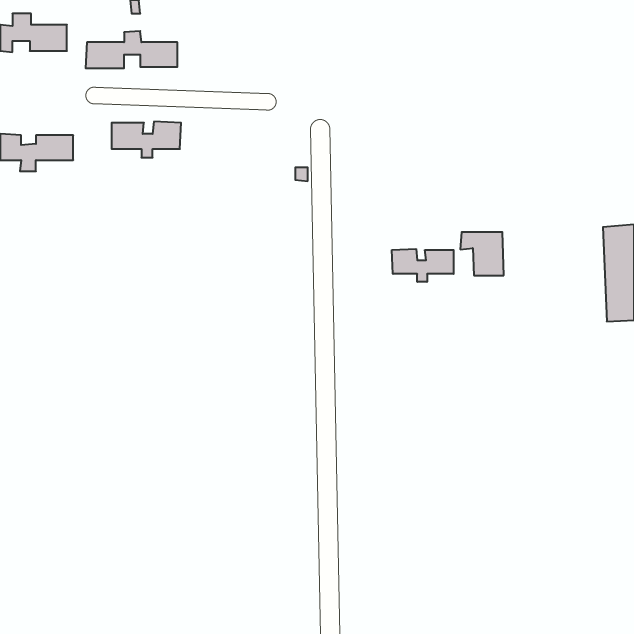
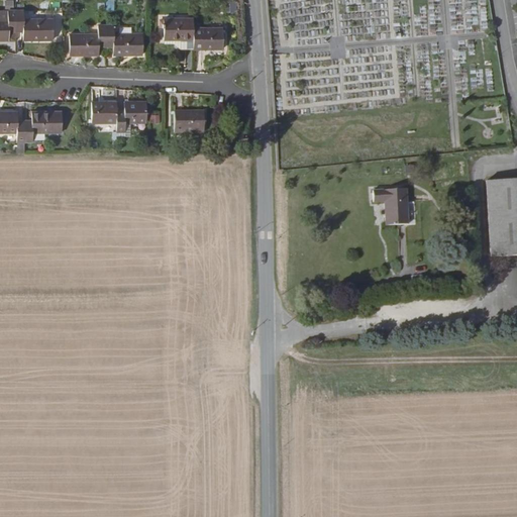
building: none -> [170,17,229,49]
building: none -> [175,108,204,130]
building: [392,249,454,282] -> none

